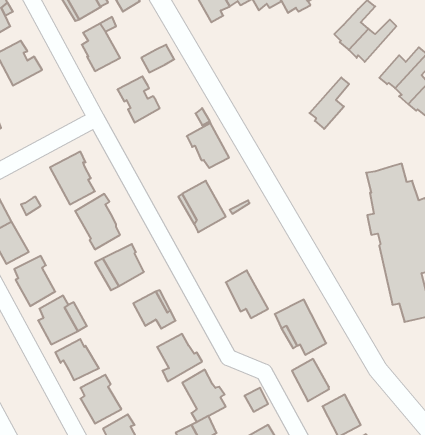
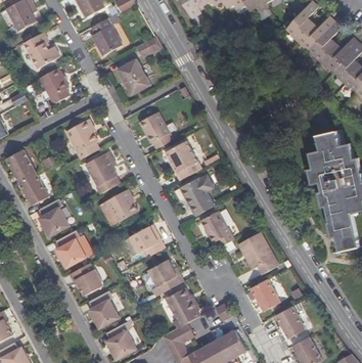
building: [309,77,349,129] -> [308,21,338,61]
building: none -> [39,69,69,104]
building: [187,123,229,168] -> [139,114,172,148]
building: none -> [180,177,214,216]

